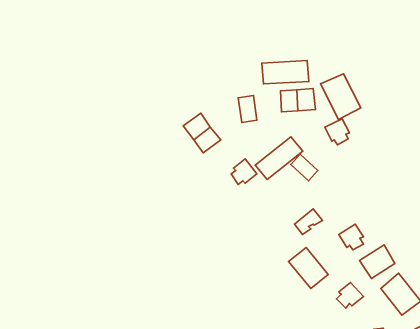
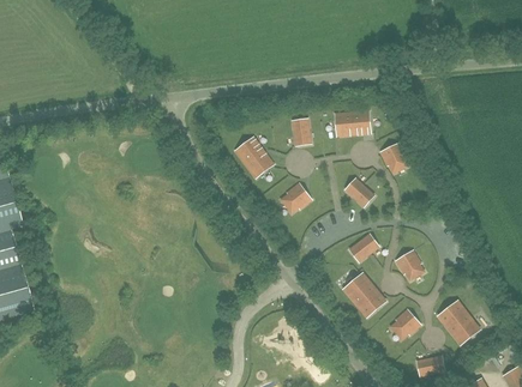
building: [262,61,309,84] -> none
building: [320,74,361,120] -> none
building: [255,137,303,179] -> none
building: [359,245,395,279] -> none

